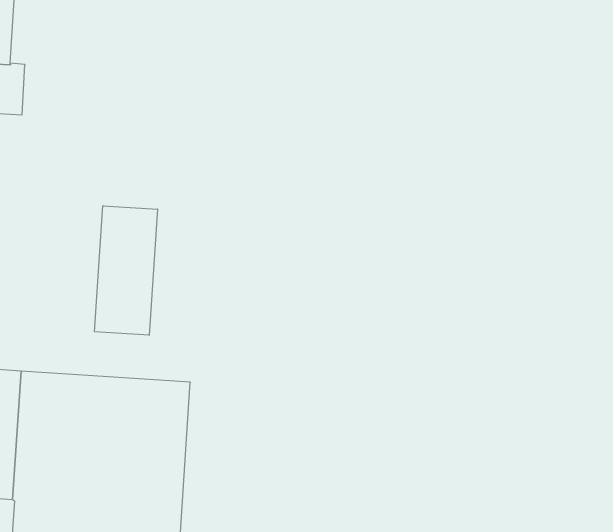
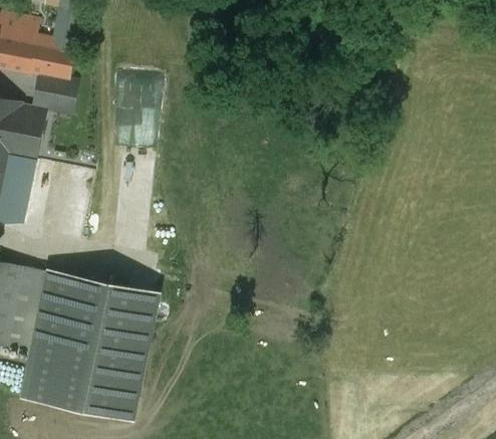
building: [95,206,158,335] -> none

